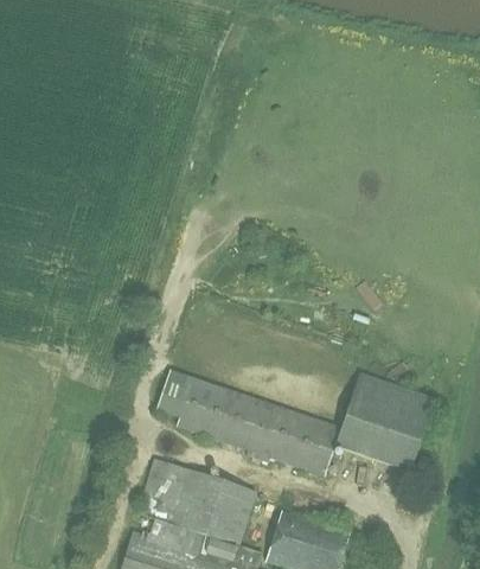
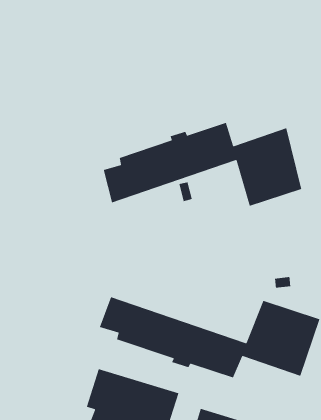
building: none -> [103,122,302,207]

